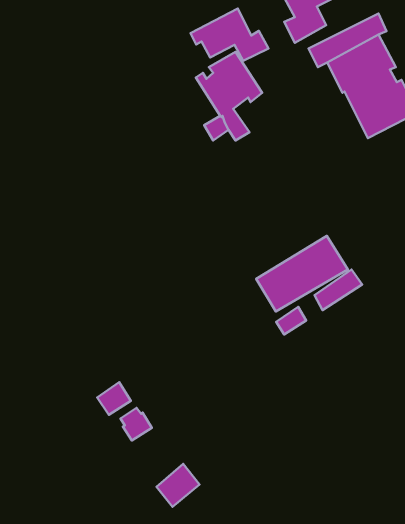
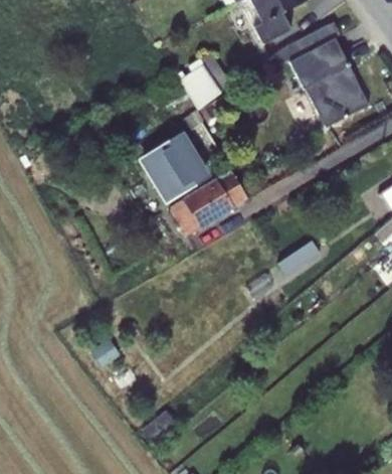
building: [190,9,268,61] -> none
building: none -> [138,131,210,203]
building: [256,236,348,311] -> [171,170,250,235]

